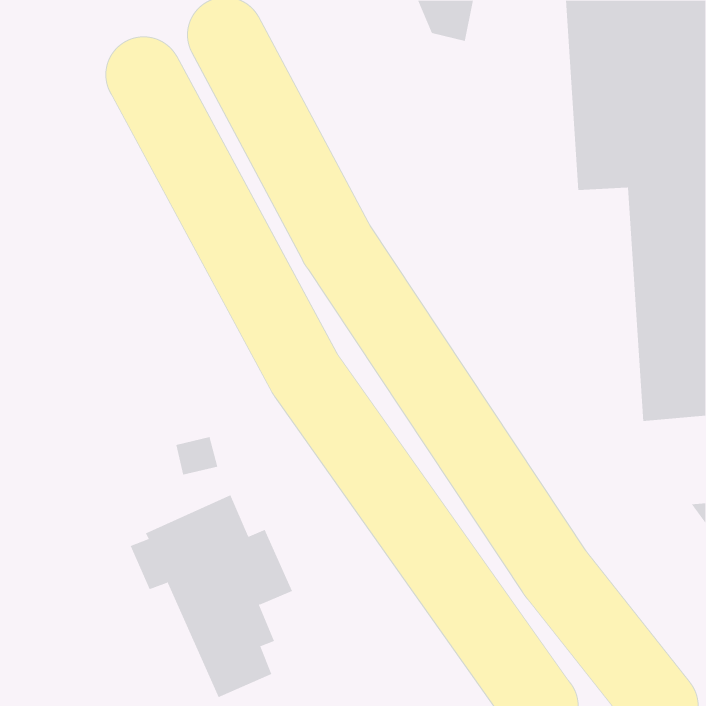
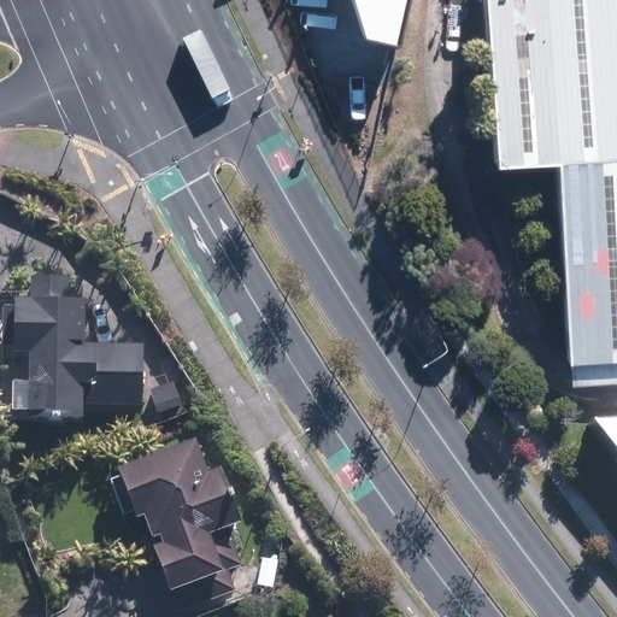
building: none -> [19,274,149,410]

